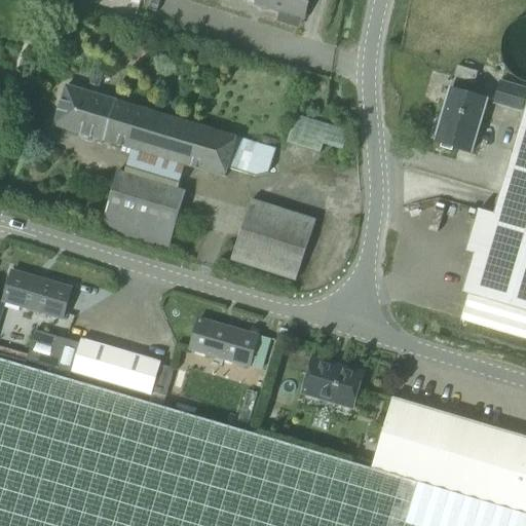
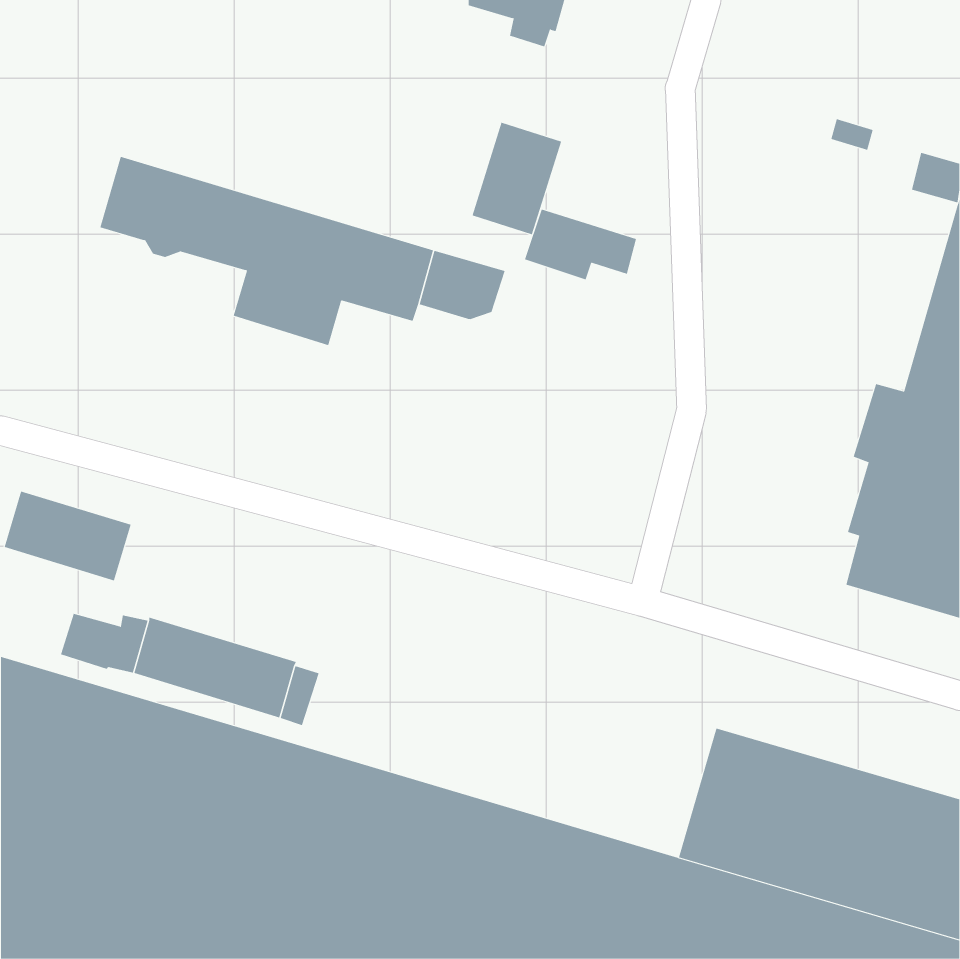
building: none -> [472,122,562,235]
building: [437,88,489,152] -> none
building: [102,171,186,249] -> none
building: [232,198,316,279] -> none
building: [189,317,271,369] -> none
building: [301,358,362,408] -> none

